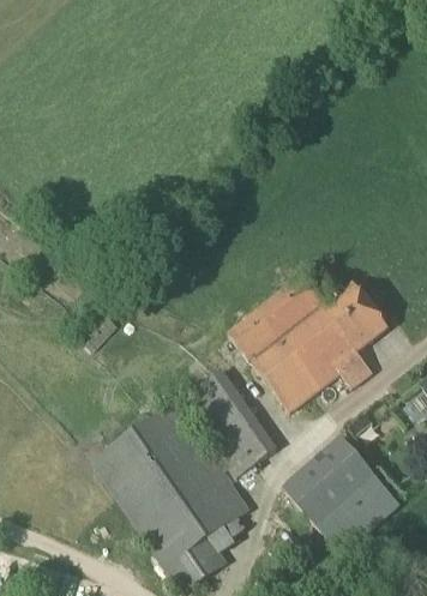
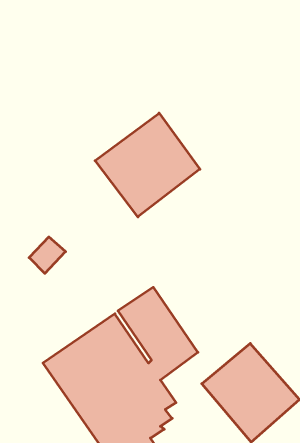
building: none -> [95,113,200,217]
building: [227,273,387,410] -> none

